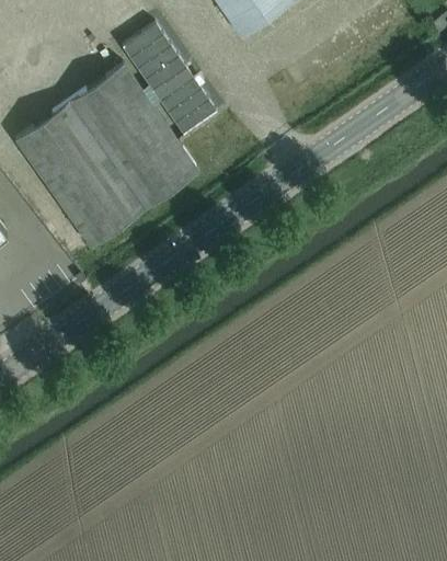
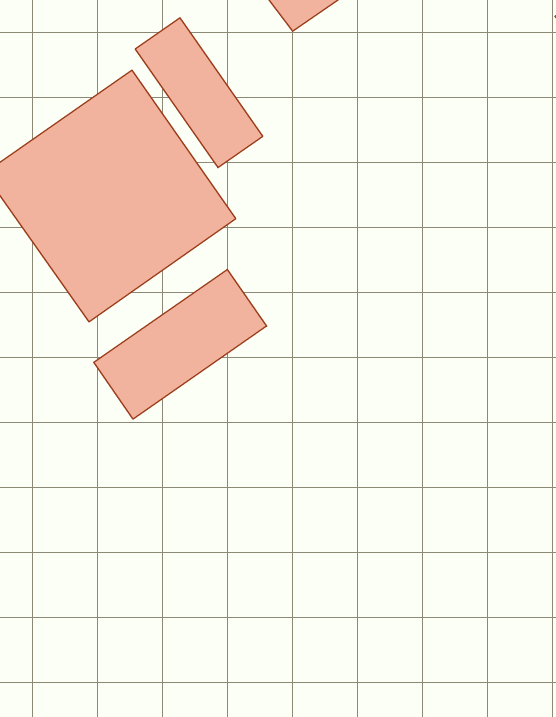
building: none -> [94,269,267,419]

